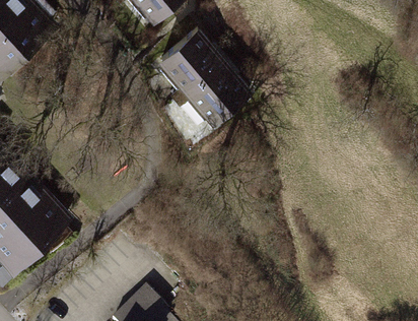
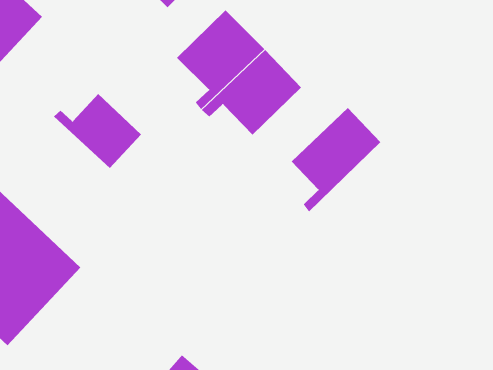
building: none -> [53,93,142,169]
building: none -> [291,107,381,213]

